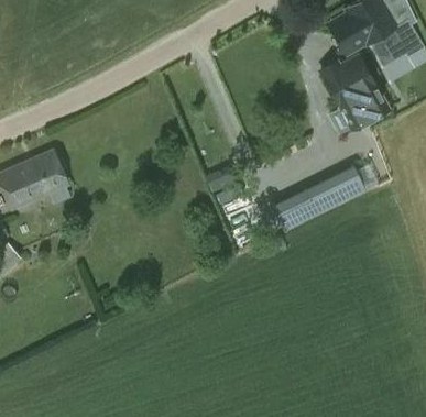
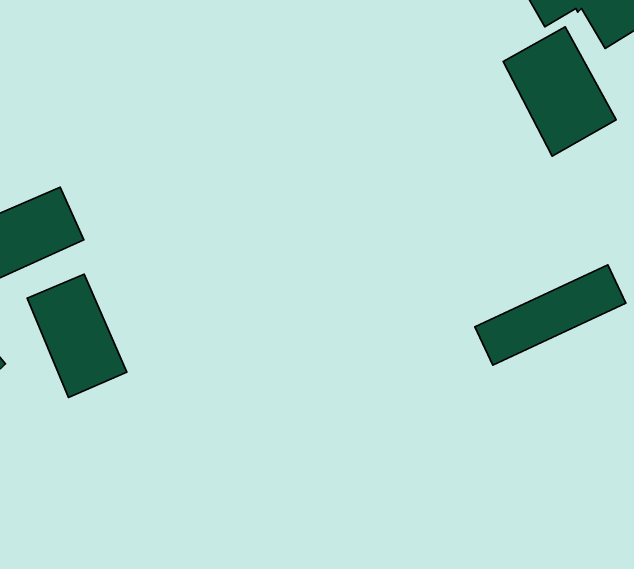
building: [271,168,362,229] -> [475,265,626,365]
building: none -> [27,274,127,398]

